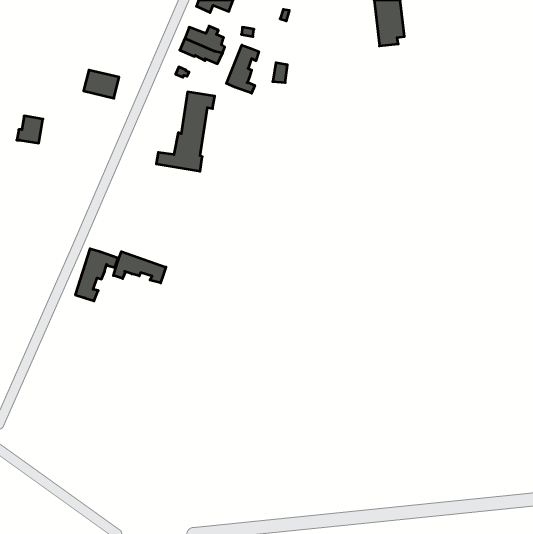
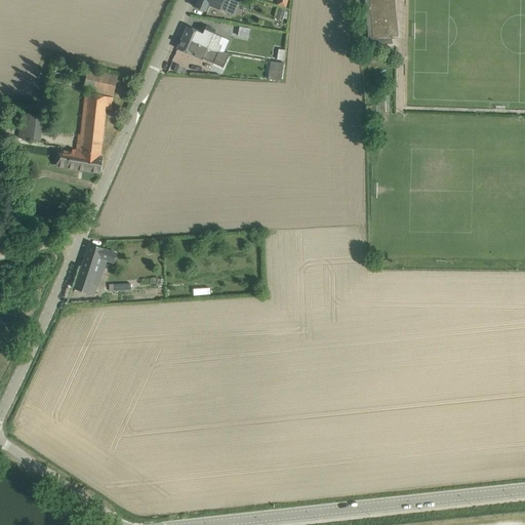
building: [226,45,259,93] -> none
building: [156,92,215,171] -> [56,94,114,172]
building: [113,252,166,283] -> none

